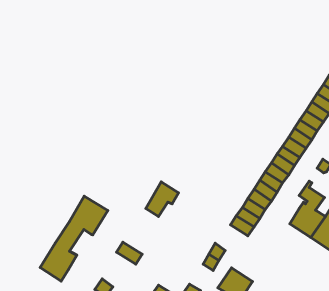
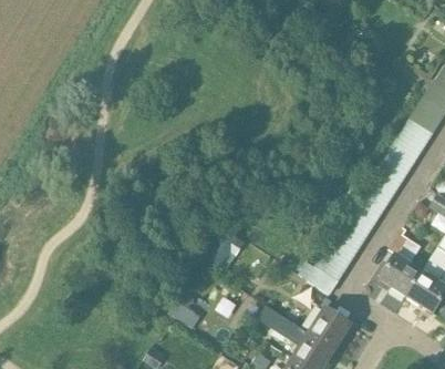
building: [40,196,108,281] -> none
building: none -> [308,307,350,349]

